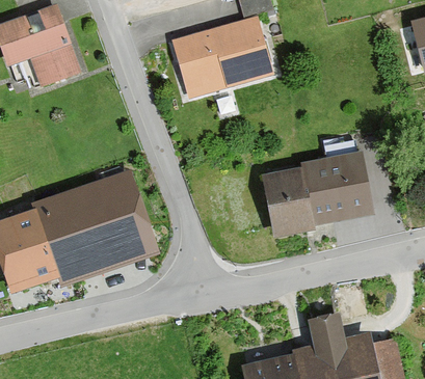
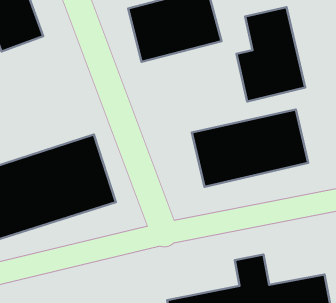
building: none -> [237,7,305,102]

